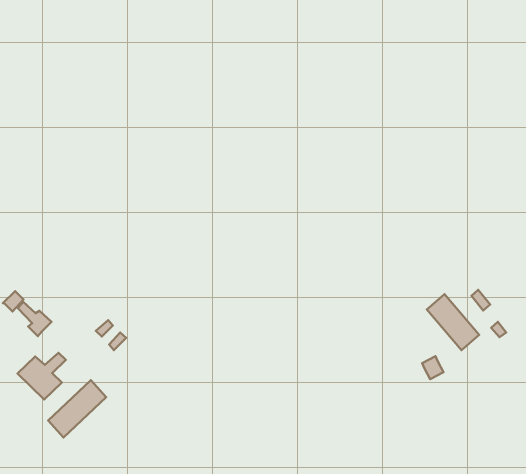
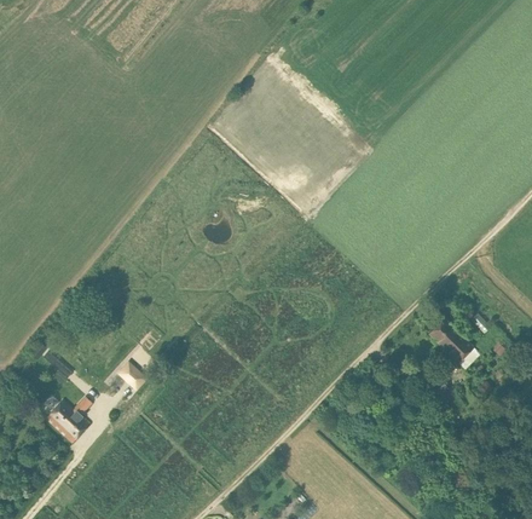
building: [48,380,106,437] -> none

